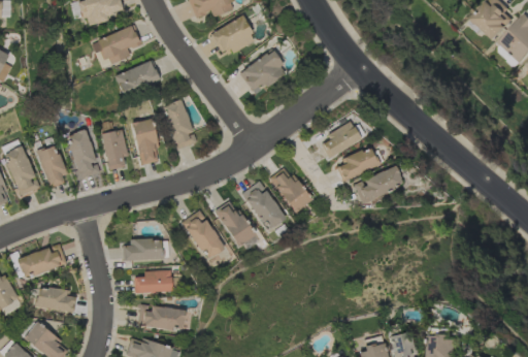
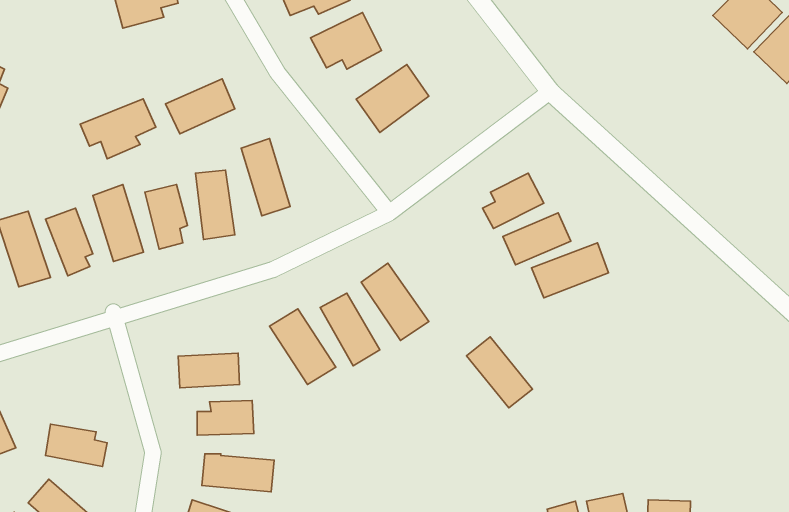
building: [91,26,140,65] -> [80,99,156,159]
building: [268,166,311,213] -> [466,337,533,408]
building: [18,247,66,277] -> none

